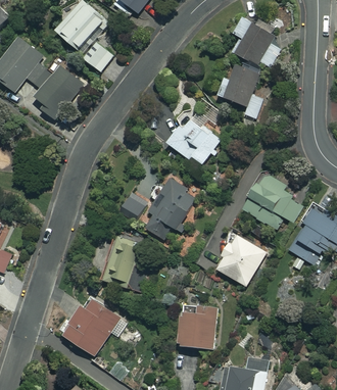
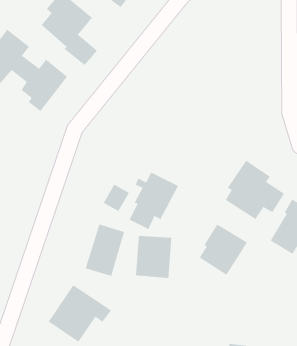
building: [234,18,280,70] -> none
building: [219,65,263,119] -> none
building: [166,93,221,167] -> none
building: [179,305,216,349] -> [135,235,172,278]

